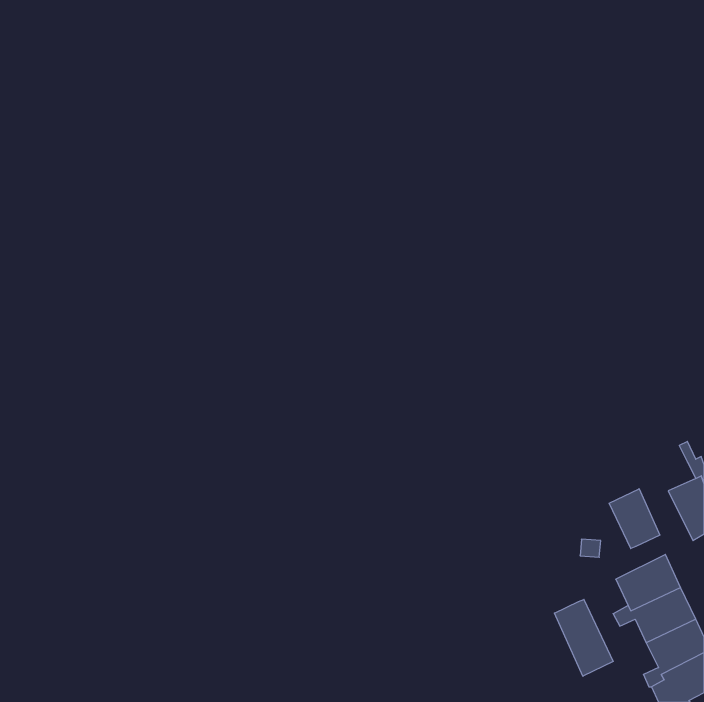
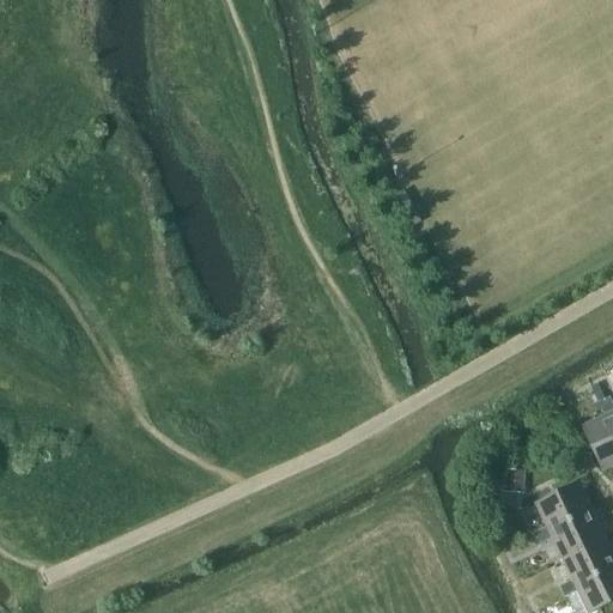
building: [609,489,660,549] -> none
building: [554,599,613,676] -> none

